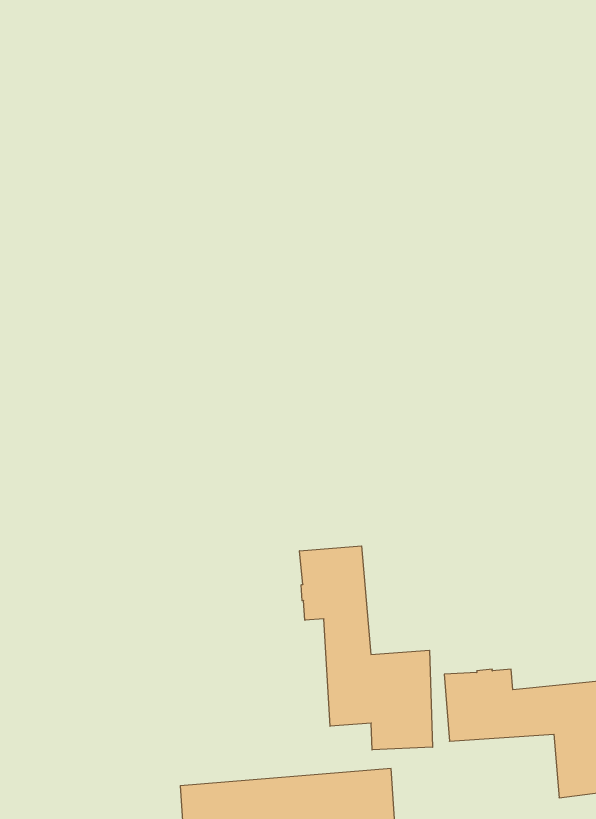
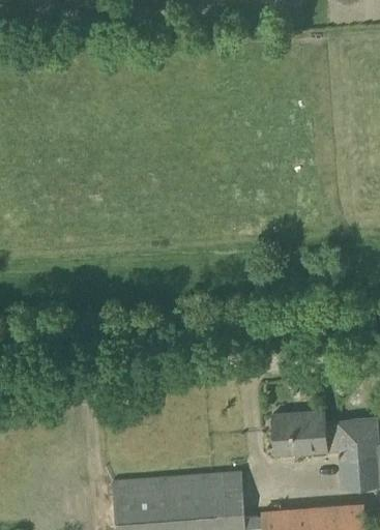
building: [300,546,433,750] -> none

